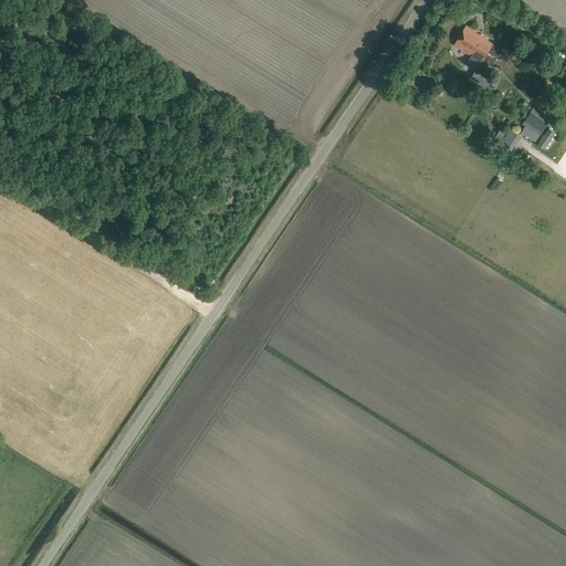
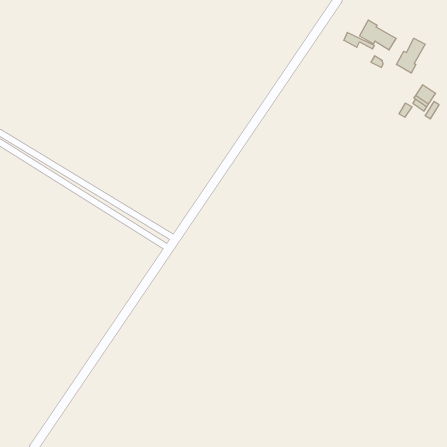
building: none -> [396,38,425,73]

